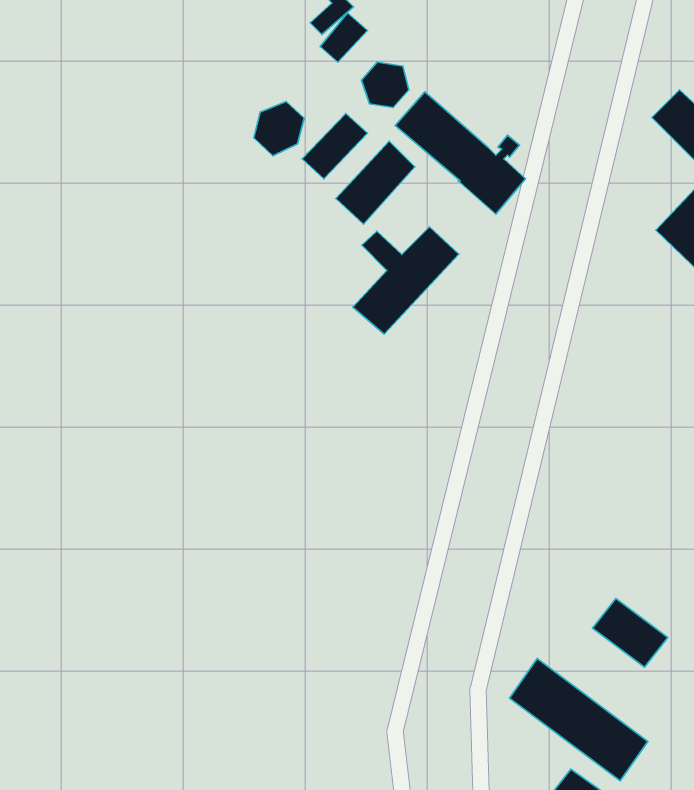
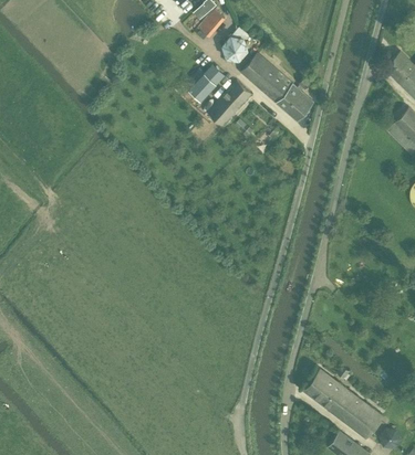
building: [254,102,304,156] -> none
building: [353,227,459,334] -> none
building: [593,598,668,667] -> none

